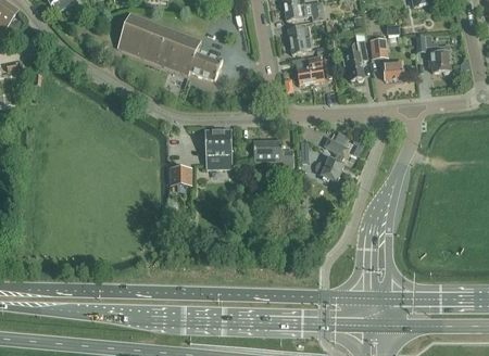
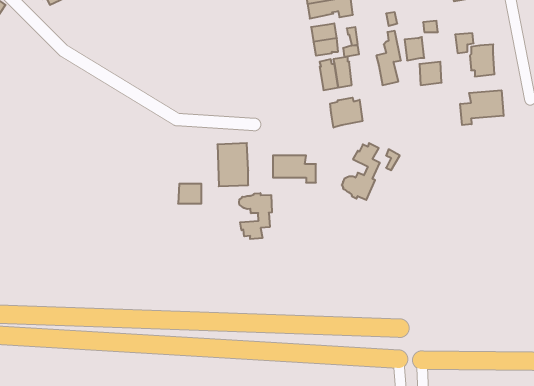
building: [117,13,222,78] -> none
building: none -> [460,90,504,125]
building: none -> [330,98,362,128]
building: none -> [239,193,272,239]

